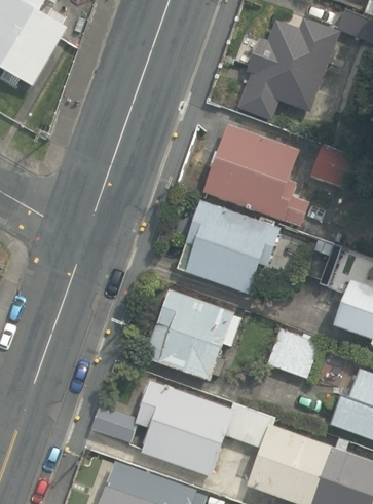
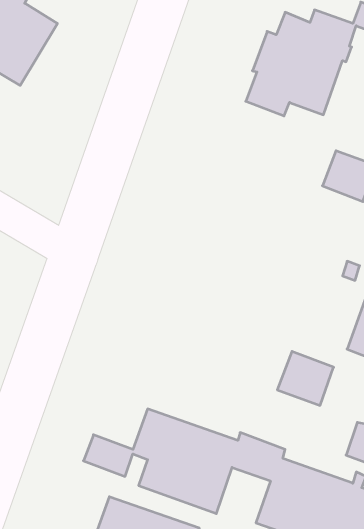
building: [203,125,308,226] -> none
building: [177,202,278,292] -> none
building: [145,290,240,380] -> none

